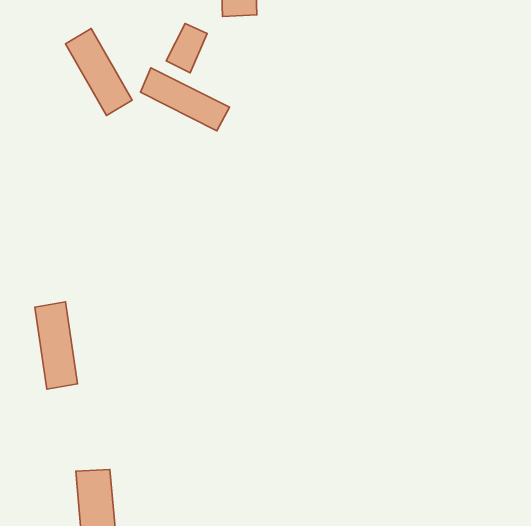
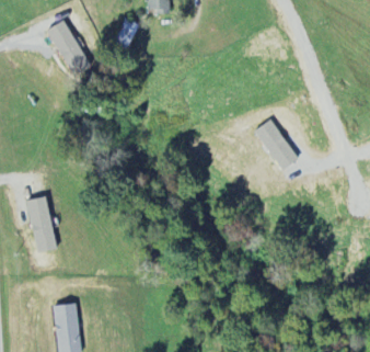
building: [140,68,229,131] -> none
building: none -> [254,118,298,170]

